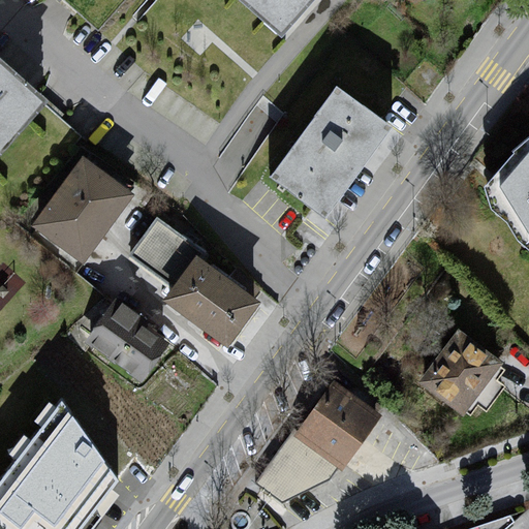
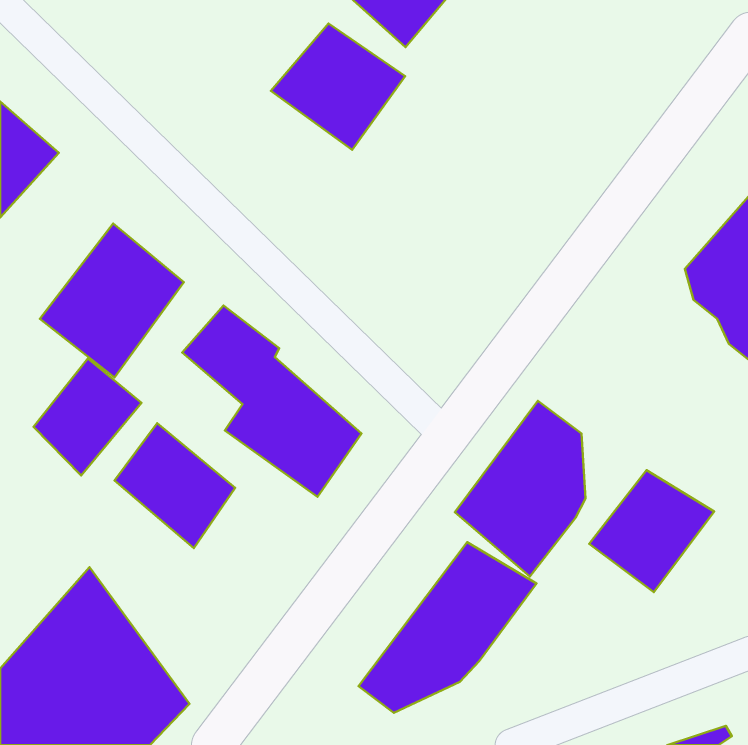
building: none -> [271,24,405,150]
building: [266,87,393,224] -> none
building: none -> [33,359,141,476]
building: none -> [455,401,586,577]

